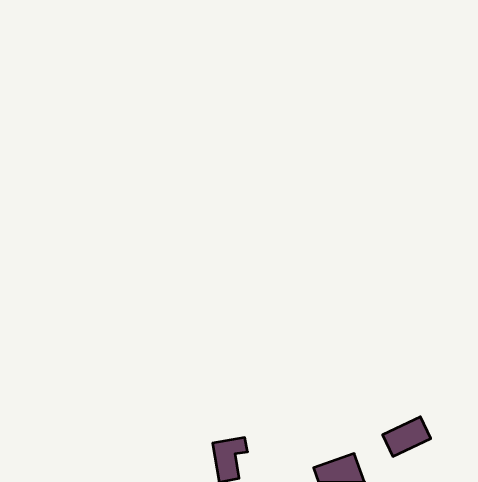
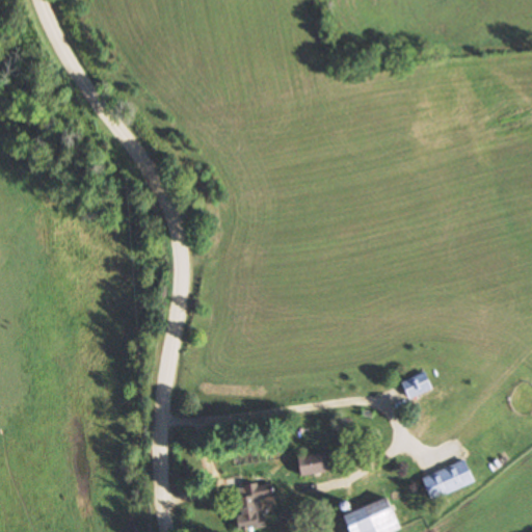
building: none -> [400,371,430,399]
building: none -> [297,452,330,476]

